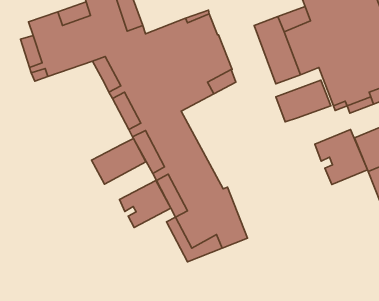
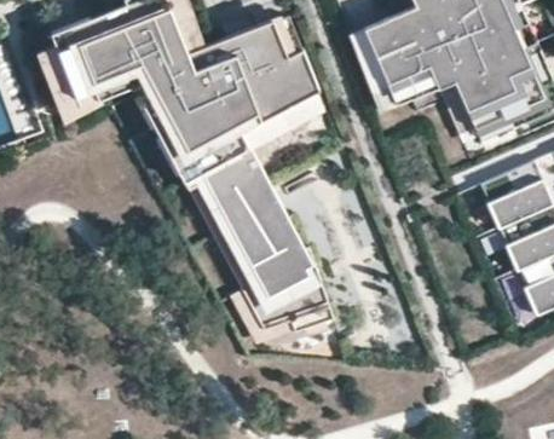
building: [276,80,331,122] -> none
building: [315,130,367,185] -> none
building: [92,139,146,184] -> none
building: [119,180,171,227] -> none

